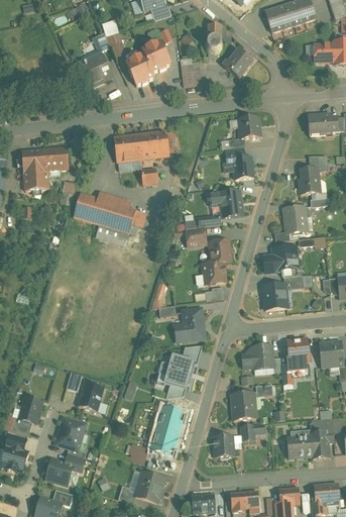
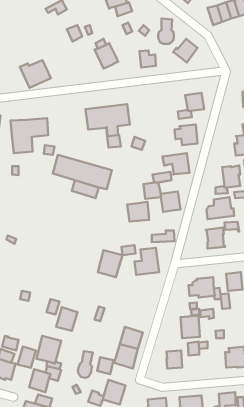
building: [142,40,171,72] -> none
building: [75,55,113,89] -> [20,60,51,88]
building: [200,261,227,285] -> [127,202,149,222]
building: [163,353,194,387] -> [98,250,122,277]
building: [19,396,42,422] -> [17,347,36,368]
building: none -> [78,351,93,378]

